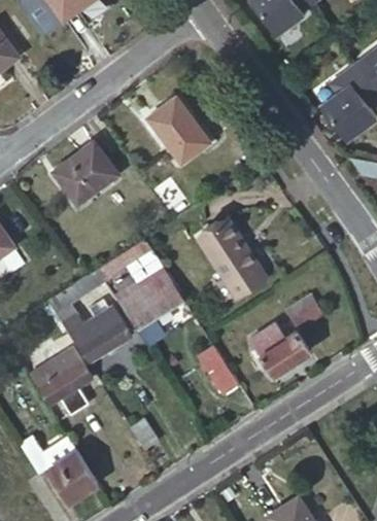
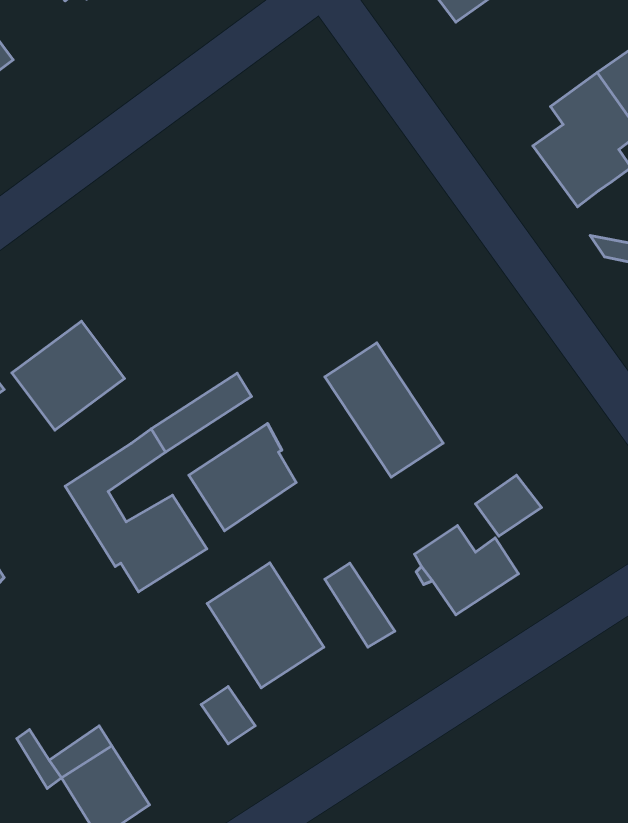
building: [148,97,213,168] -> none
building: [54,142,118,205] -> [12,321,125,430]
building: none -> [207,563,324,688]
building: [31,348,93,405] -> none

